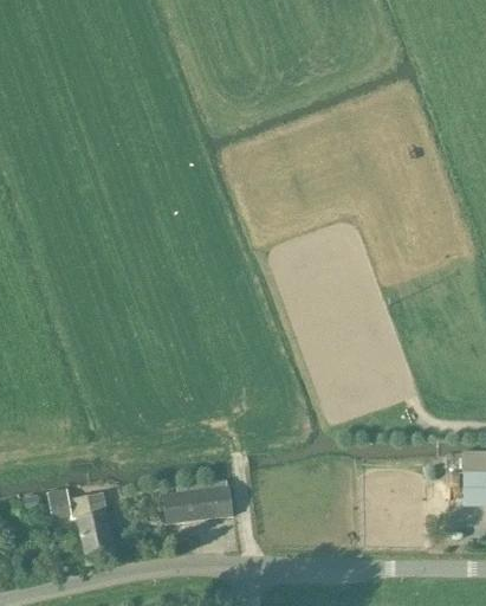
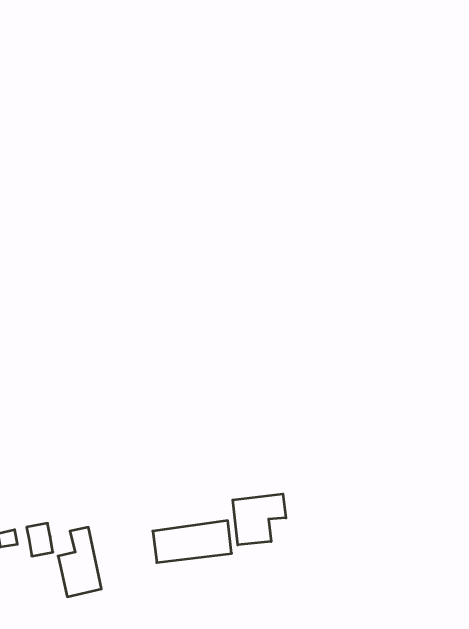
building: none -> [233,494,286,545]

